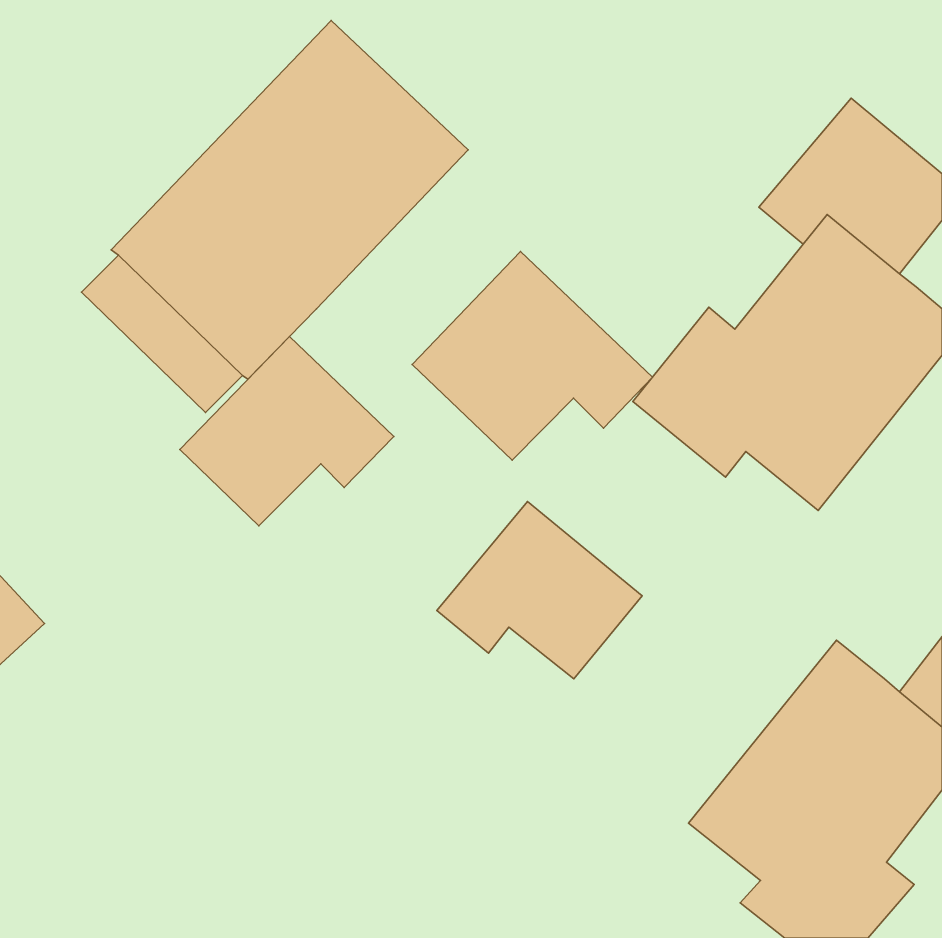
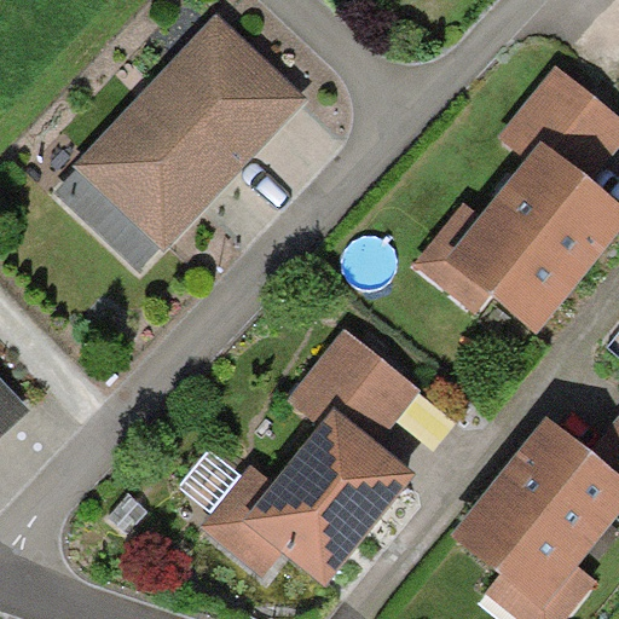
building: [412,252,653,460] -> none
building: [180,337,394,526] -> none
building: none -> [201,410,415,588]

